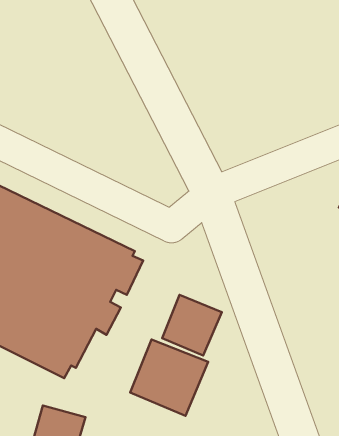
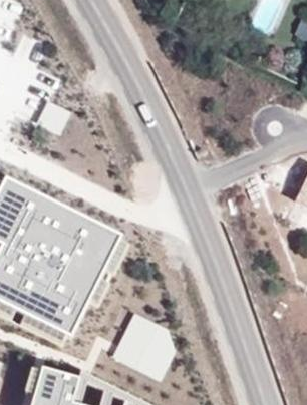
building: [162,295,222,356] -> none

